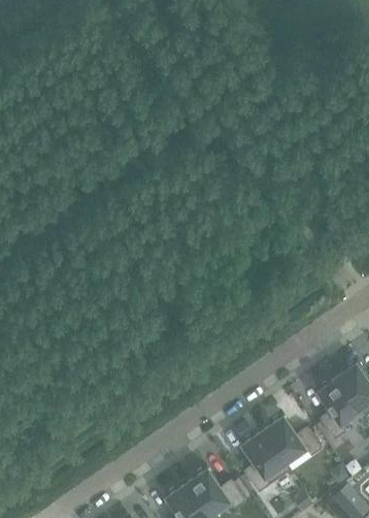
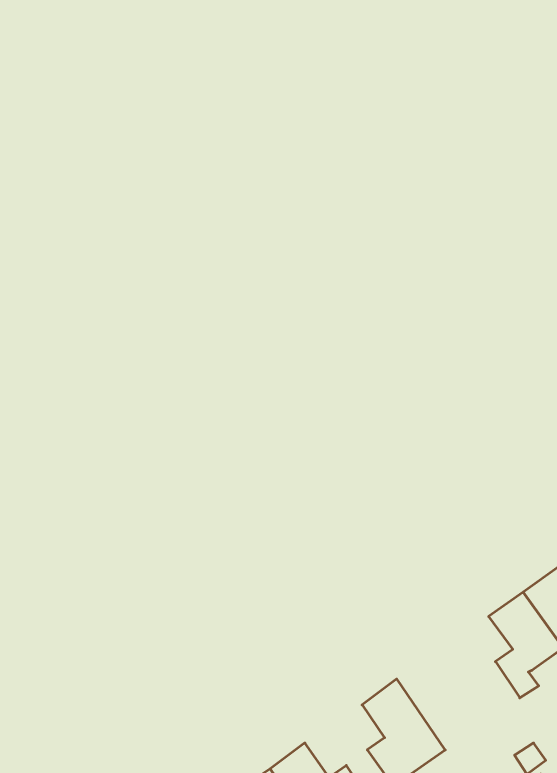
building: [262,416,323,473] -> none

